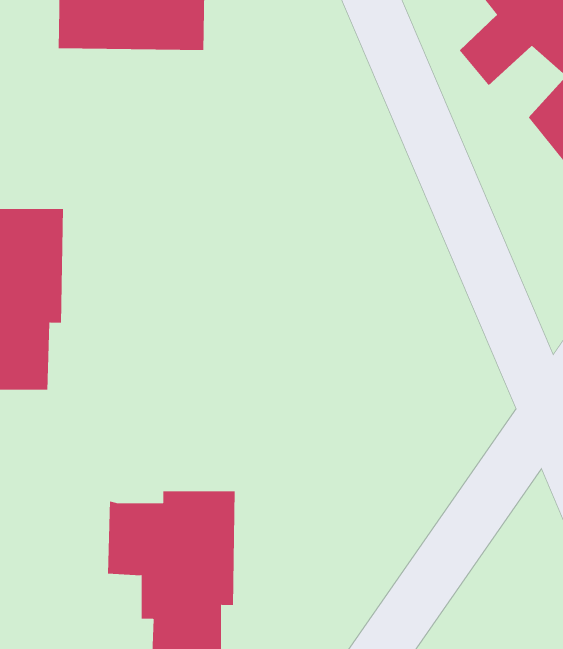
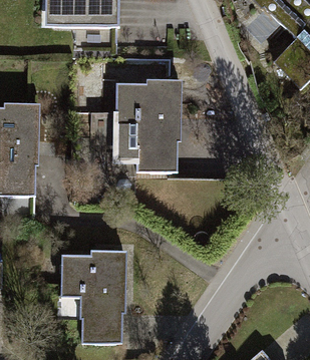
building: none -> [110,77,177,170]

